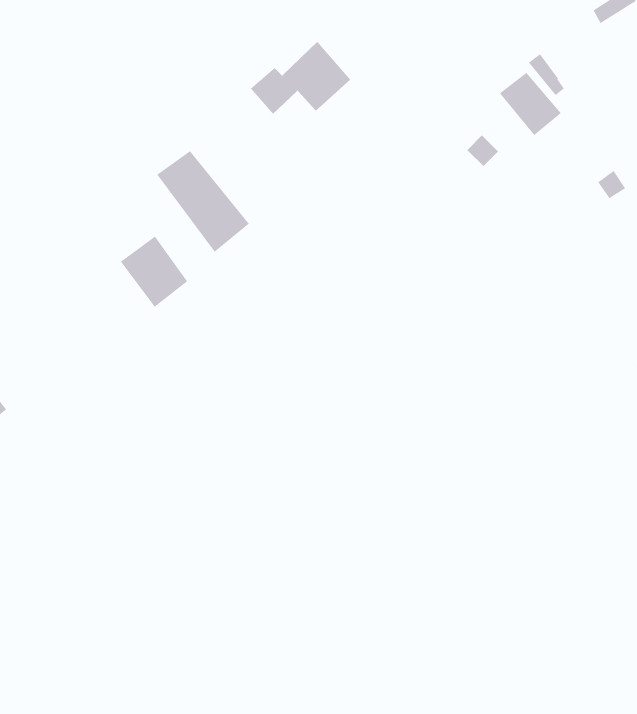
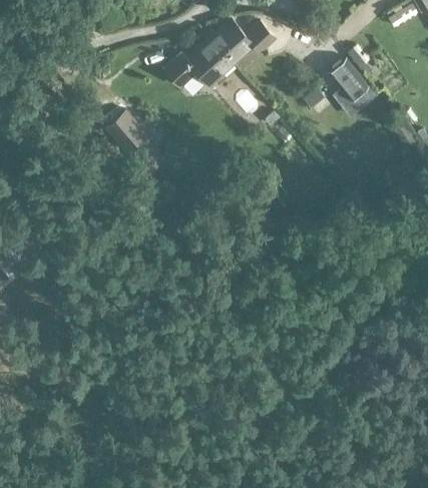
building: none -> [209,18,276,62]
building: [120,235,188,308] -> none

